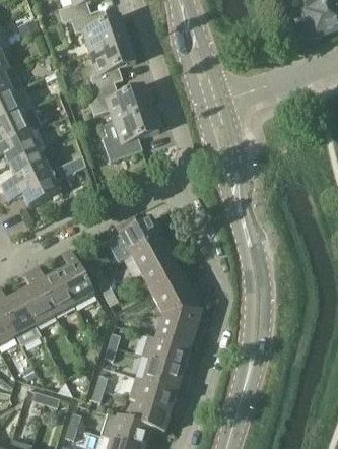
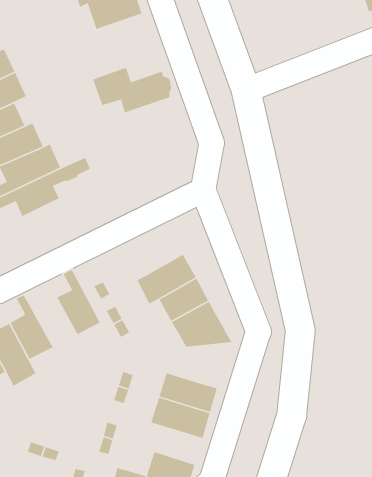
building: [89,38,136,88] -> none
building: [103,107,160,161] -> none
building: [120,215,161,253] -> none
building: [30,265,74,313] -> none
building: [156,309,202,346] -> none
building: [128,375,178,409] -> none

